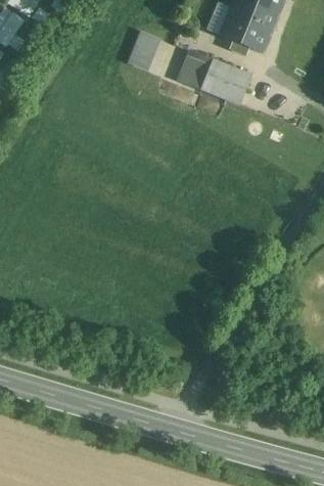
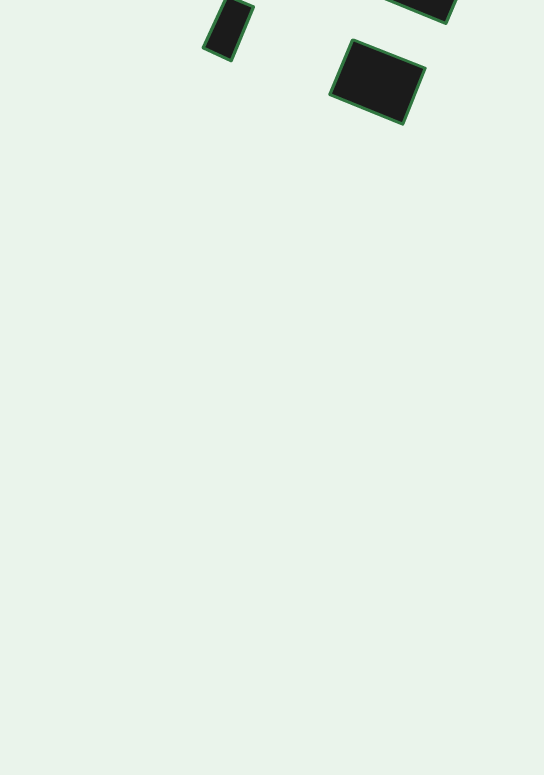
building: [181,52,212,89] -> none

